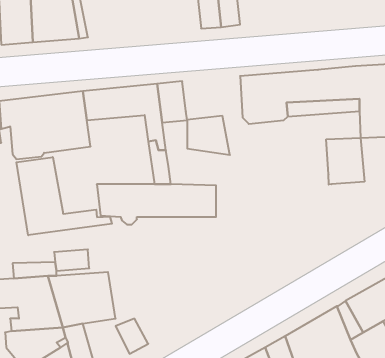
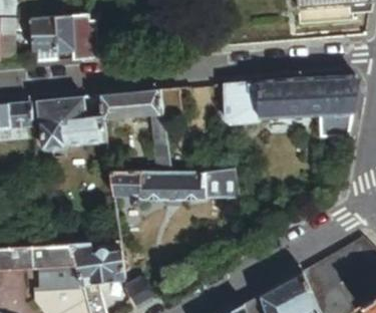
building: [187,116,230,155] -> [206,170,240,201]
building: [326,138,364,185] -> none
building: [16,157,112,235] -> none

